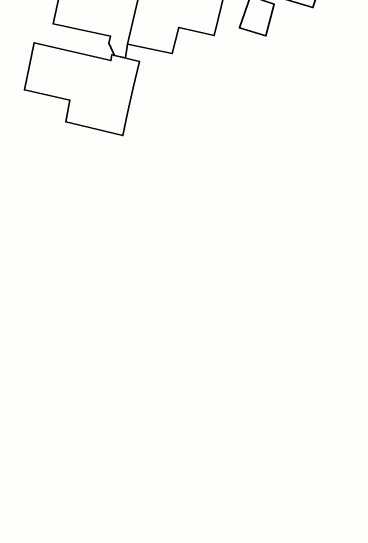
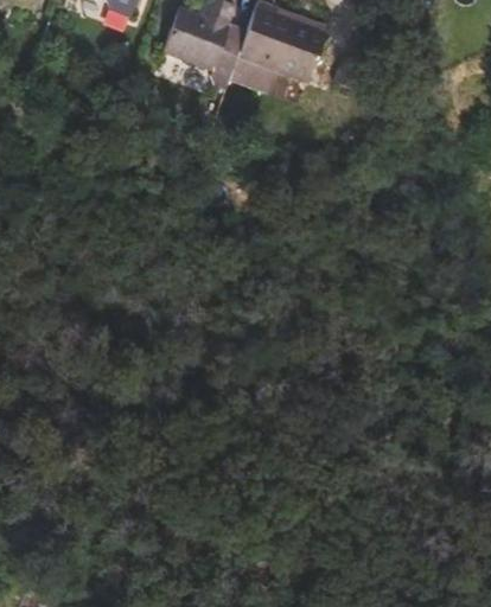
building: [25,43,140,136] -> none

